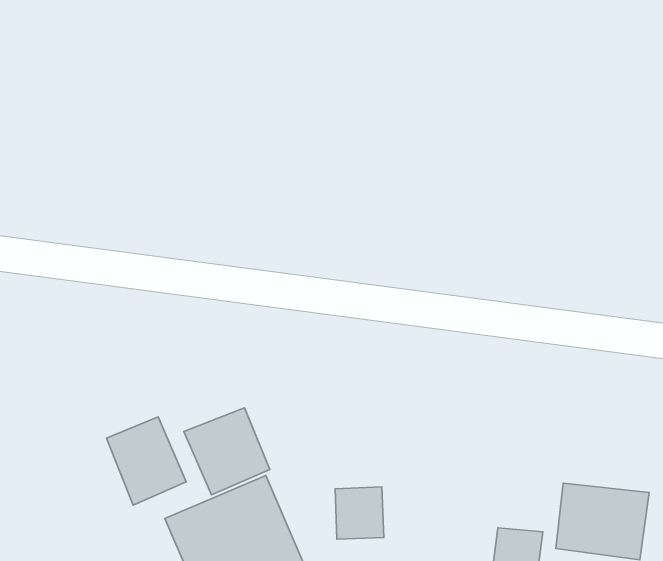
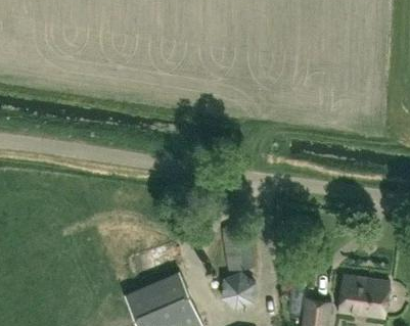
building: [184,408,270,495] -> none
building: [106,417,186,505] -> none

